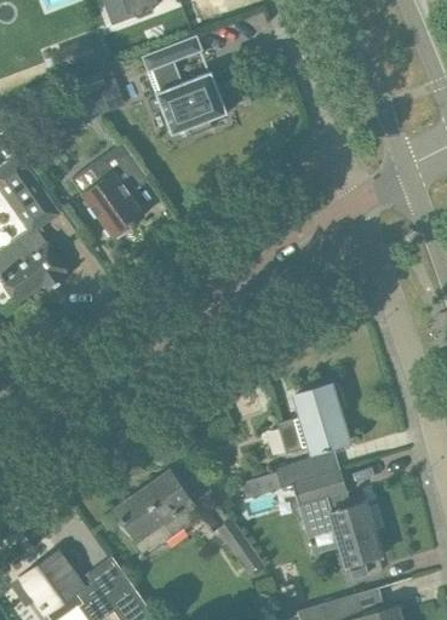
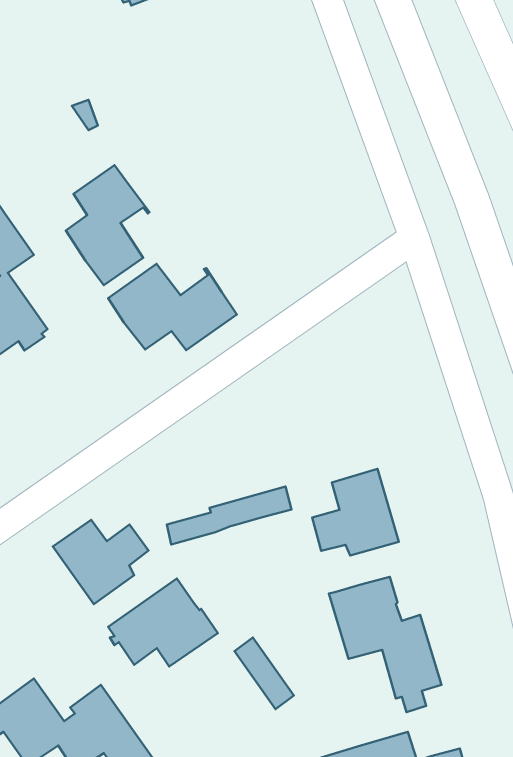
building: [141,35,227,136] -> none
building: none -> [108,264,237,350]
building: none -> [53,520,149,604]
building: [241,452,340,498] -> [167,487,291,544]

